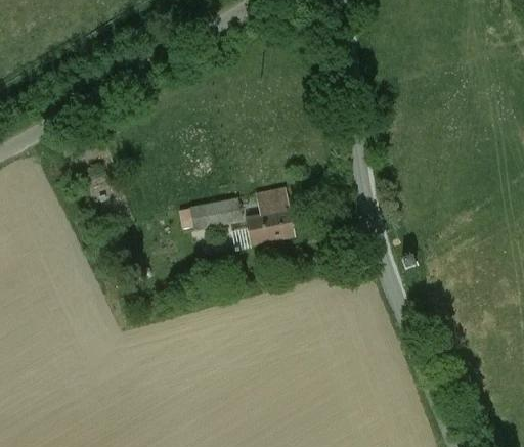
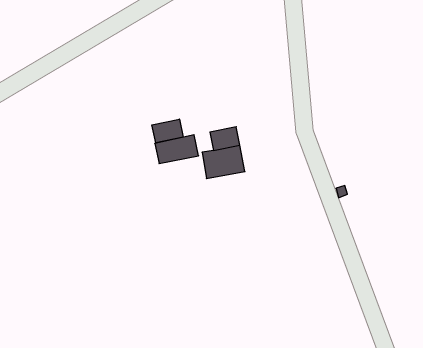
building: none -> [152,119,183,143]

